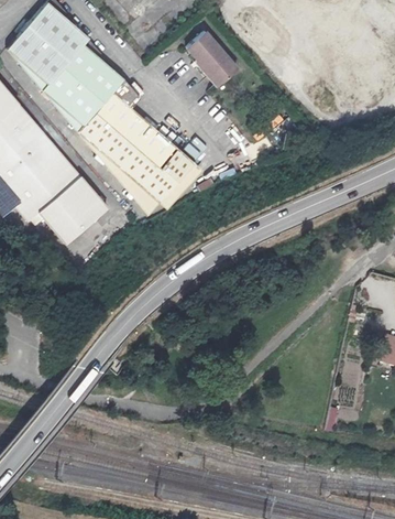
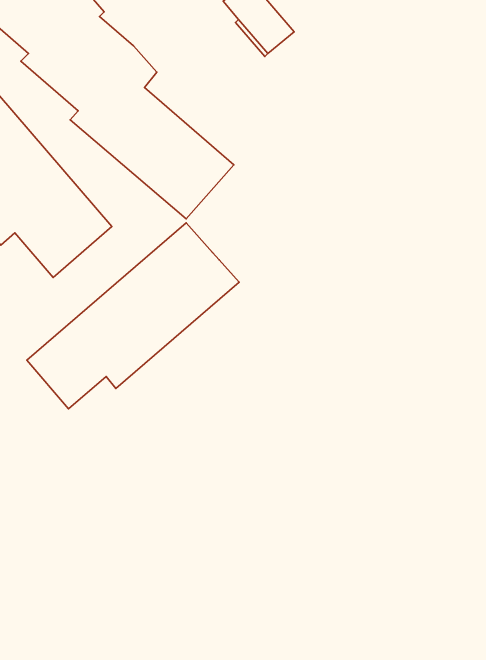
building: none -> [27,223,239,409]

